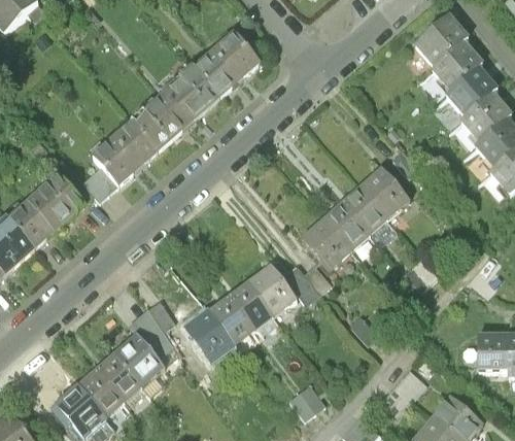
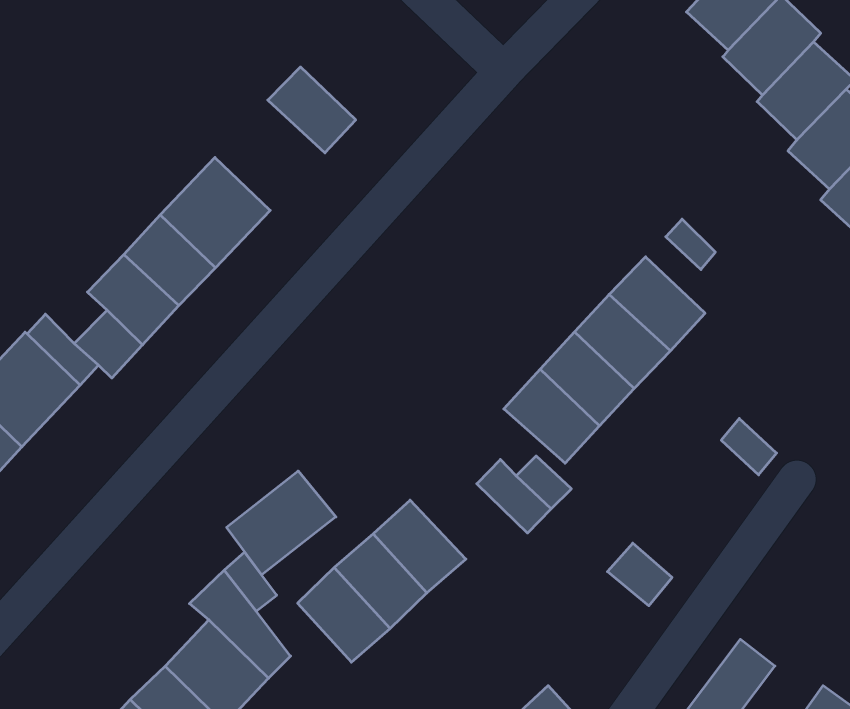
building: [212,33,261,82] -> none
building: [164,68,220,125] -> none
building: none -> [227,471,336,575]
building: [247,264,294,313] -> none

